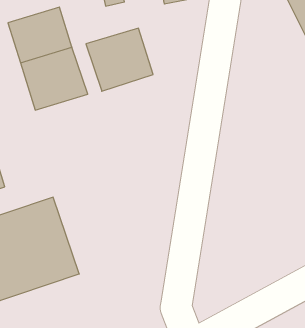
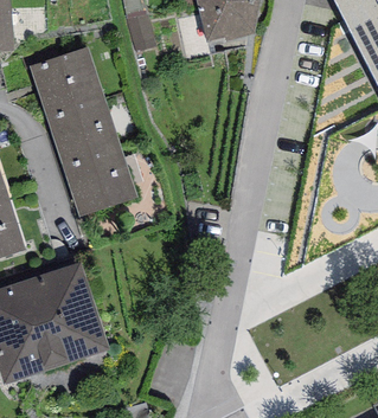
building: [86,28,153,91] -> [60,144,136,216]

